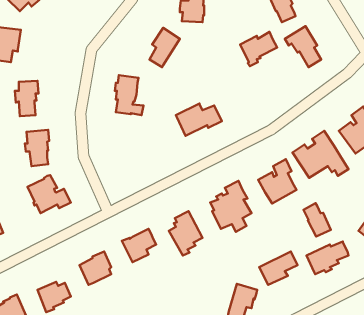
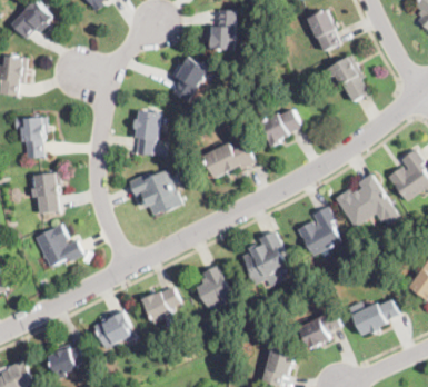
building: [240,32,277,66] -> [259,108,301,147]
building: none -> [128,170,181,215]
building: [303,203,331,237] -> none

